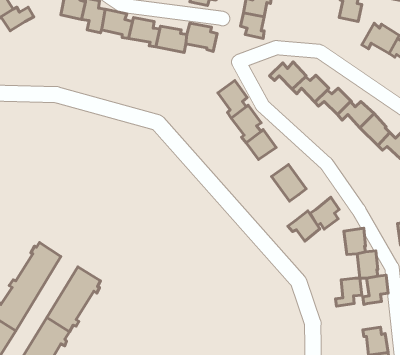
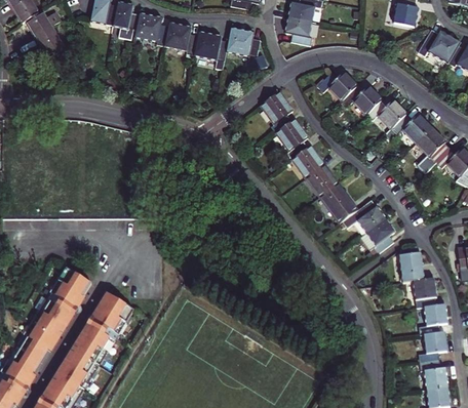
building: none -> [34,27,64,58]
building: none -> [305,164,338,196]
building: [288,211,320,241] -> [349,199,384,232]
building: [335,278,362,306] -> [418,332,446,363]

